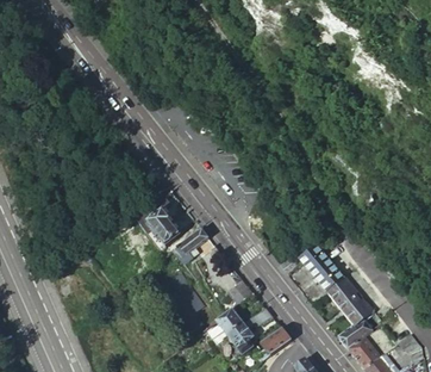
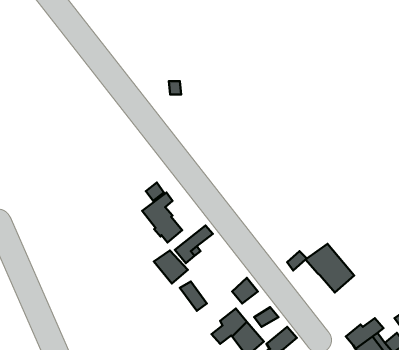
building: none -> [154,250,188,284]
building: [327,279,377,329] -> none

